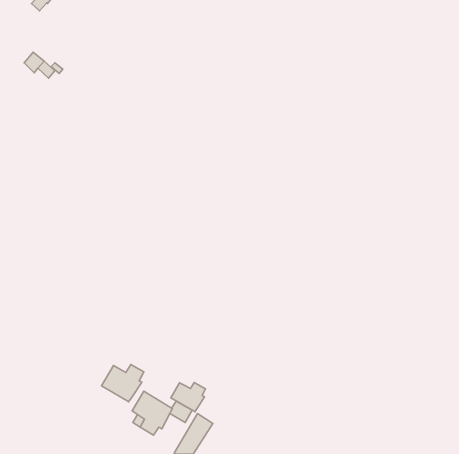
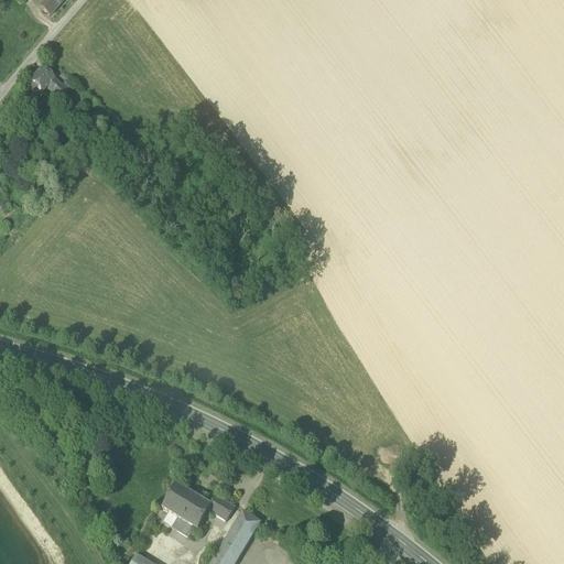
building: [101,364,144,402] -> none
building: [171,382,206,412] -> none

